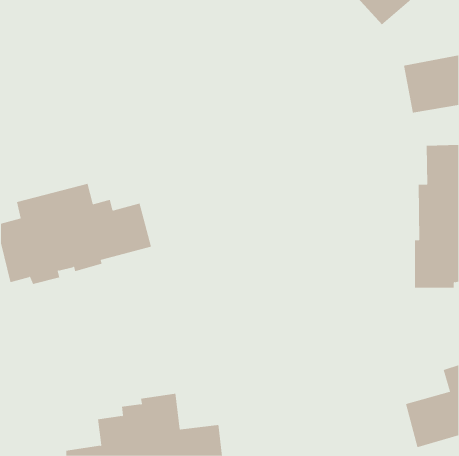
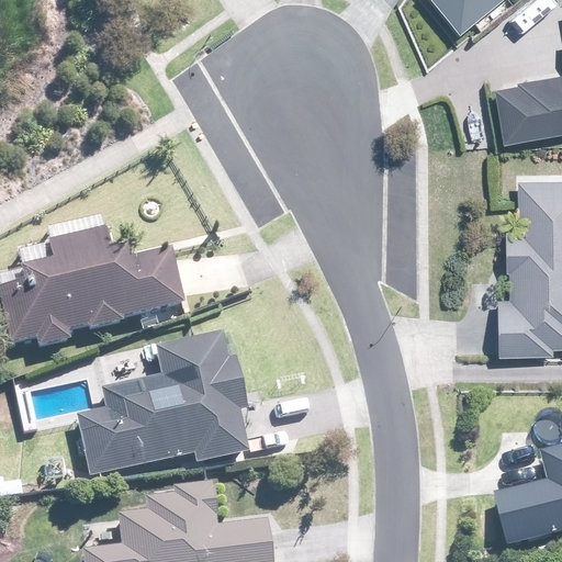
building: none -> [80,333,249,474]

